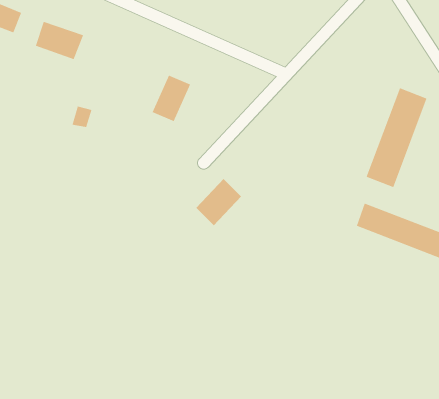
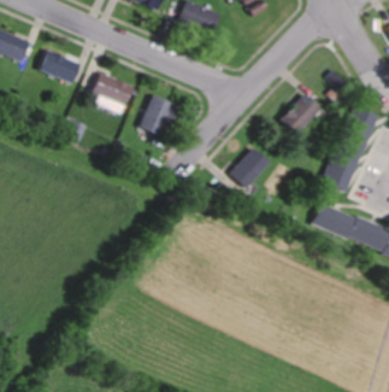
building: none -> [92,72,134,115]
building: none -> [278,94,318,135]
building: [195,178,242,226] -> [230,148,270,189]

